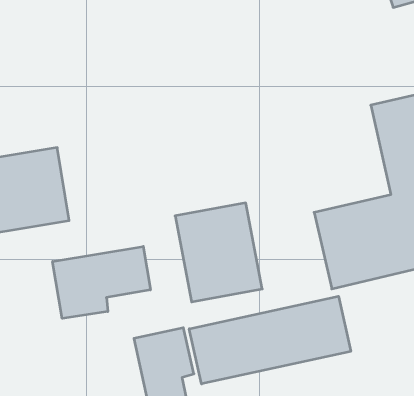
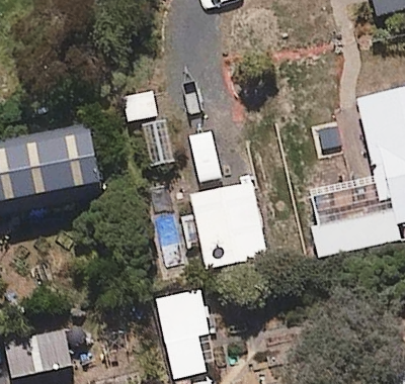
building: [53,246,150,318] -> none
building: [189,296,351,384] -> none

